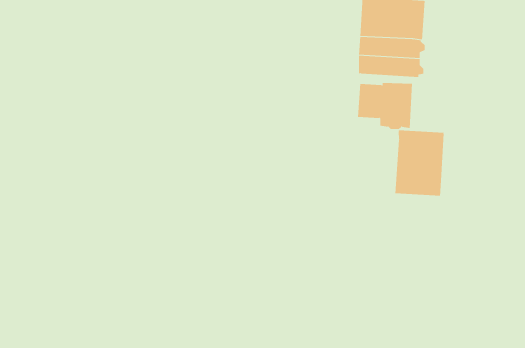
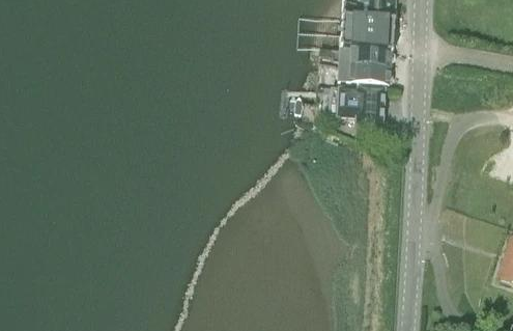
building: [395,130,444,196] -> none

